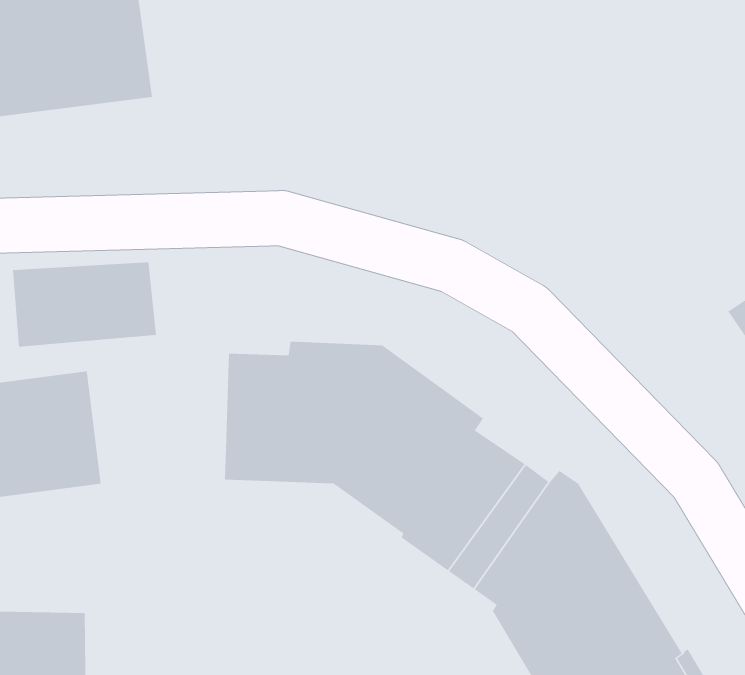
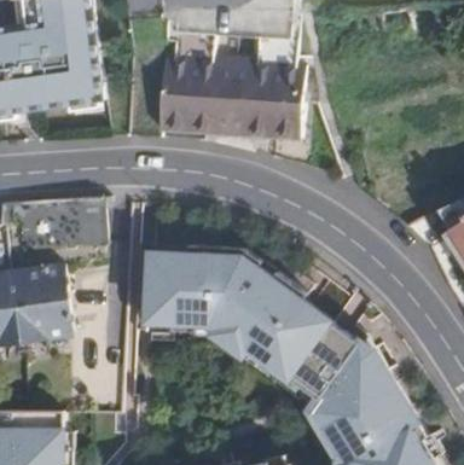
building: none -> [152,53,303,139]

